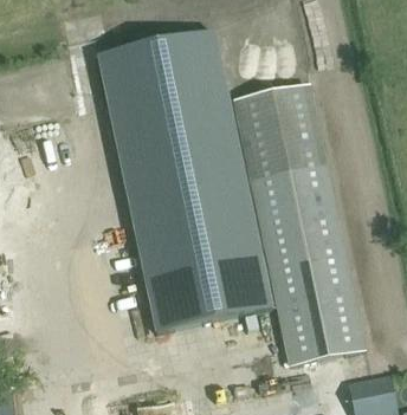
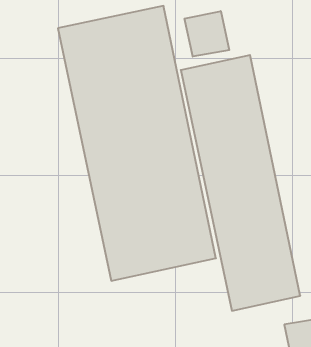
building: none -> [185,11,229,57]

